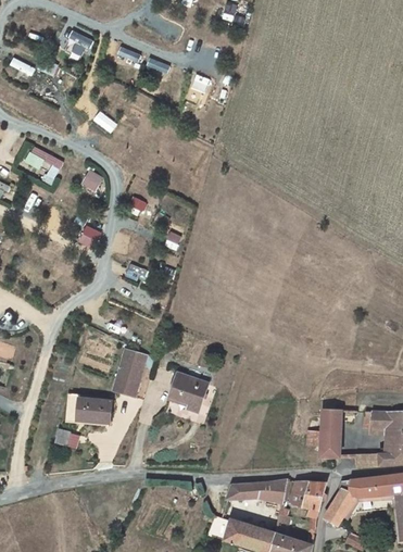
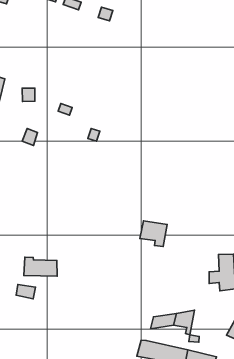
building: [112,351,146,397] -> none
building: [168,377,205,413] -> [140,221,167,247]
building: [287,484,325,516] -> none

